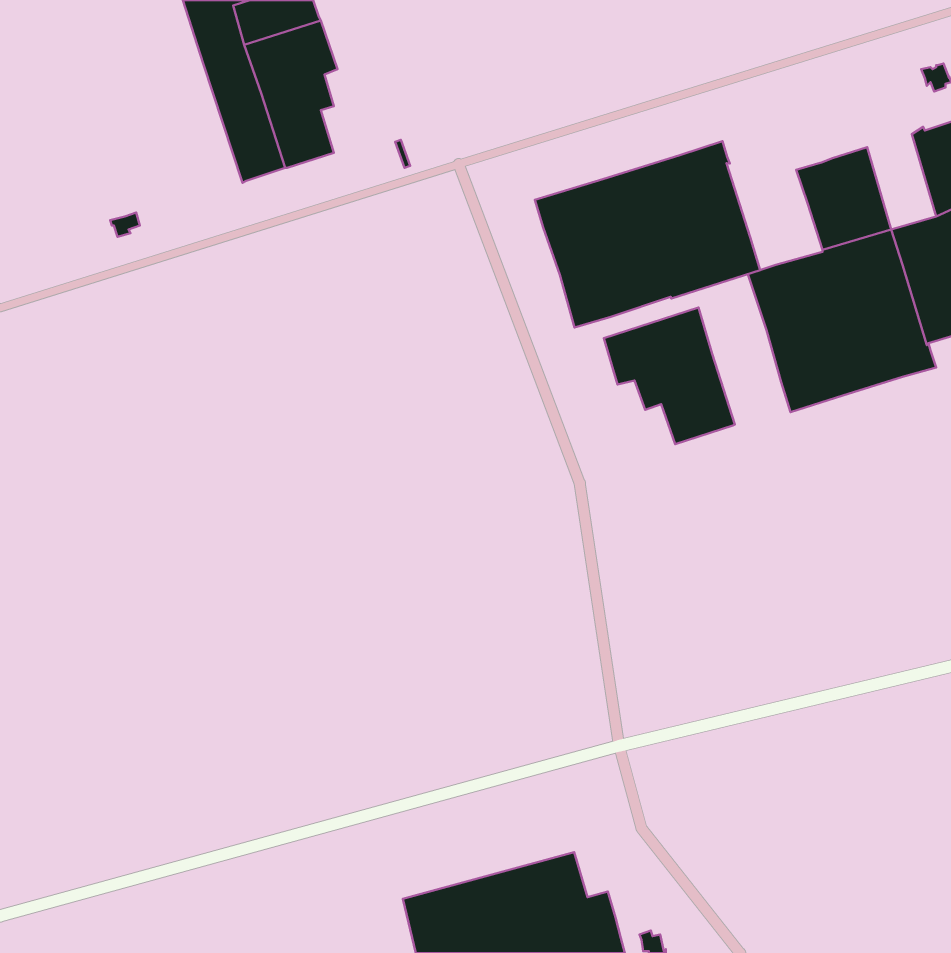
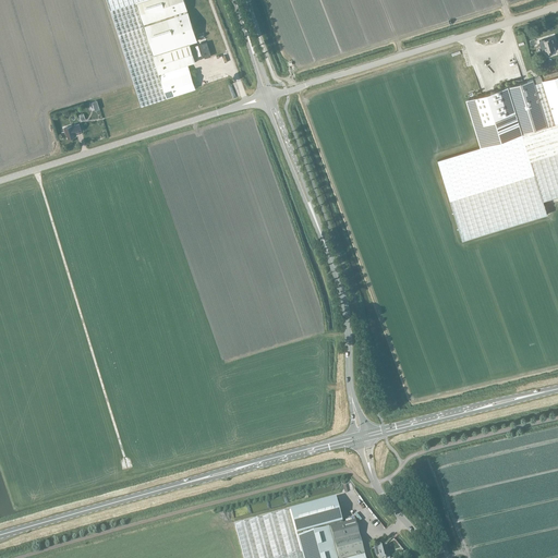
building: none -> [508,78,548,134]
building: [535,141,760,327] -> none
building: [604,308,735,444] -> none

